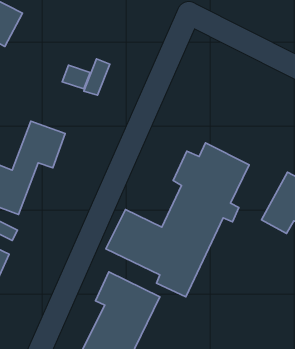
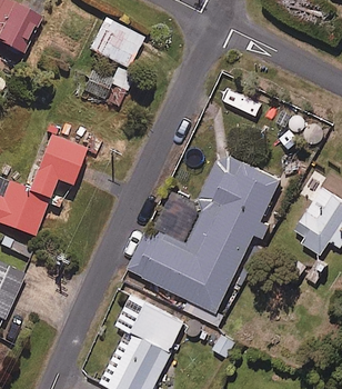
building: none -> [90,19,143,68]

